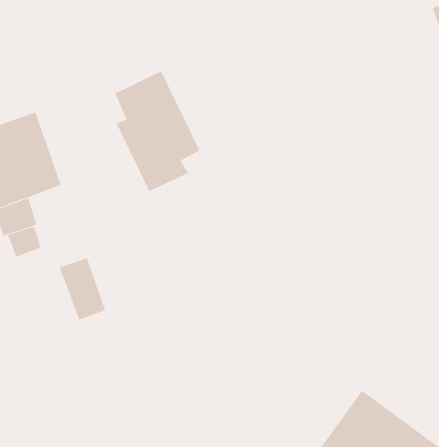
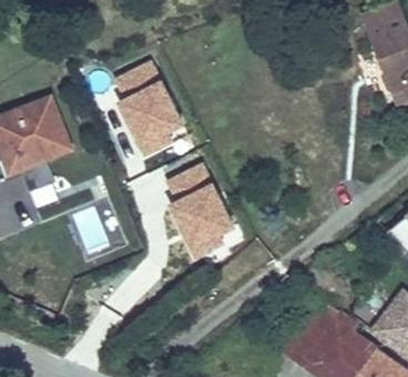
building: none -> [167,163,233,257]

